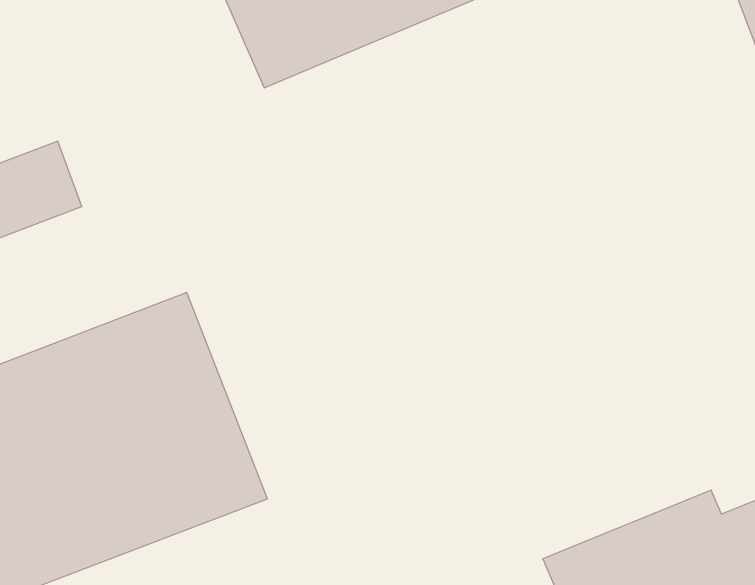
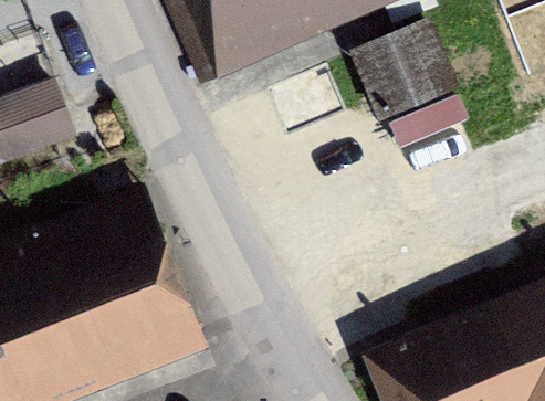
building: none -> [371,51,454,128]

